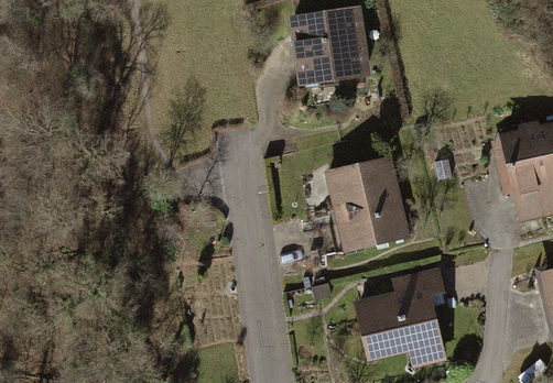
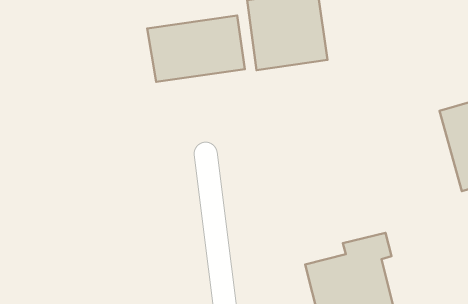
building: none -> [147,15,245,82]
building: [327,156,408,249] -> none

